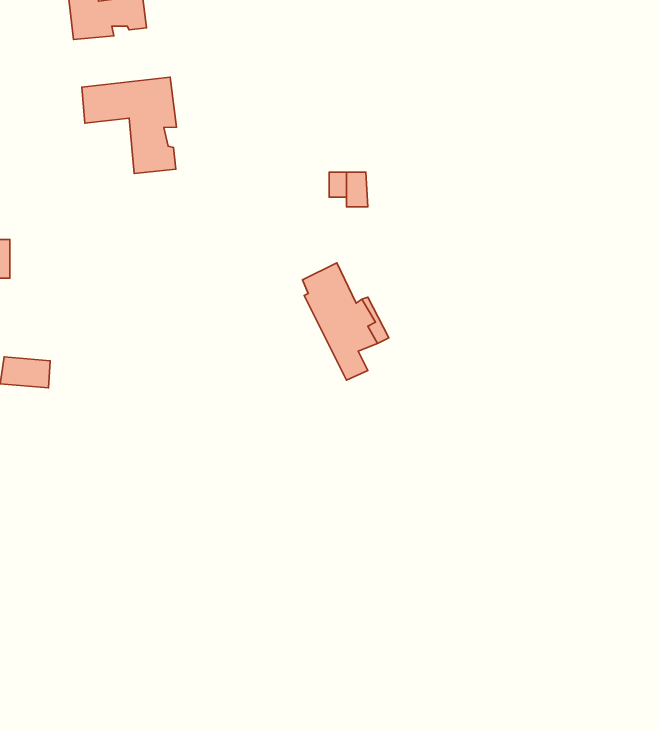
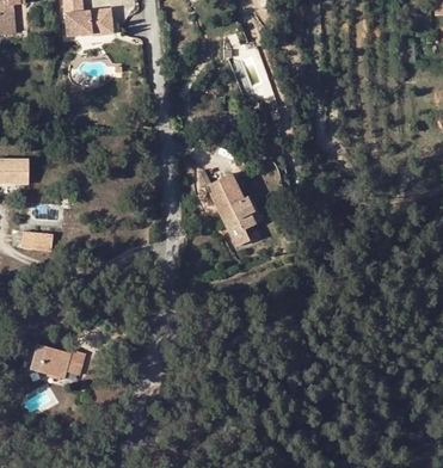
building: [82,77,176,173] -> none
building: none -> [30,345,85,380]

